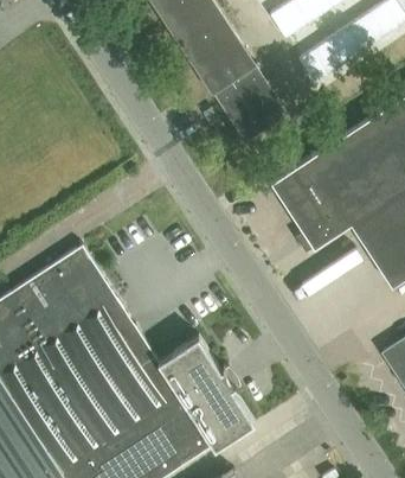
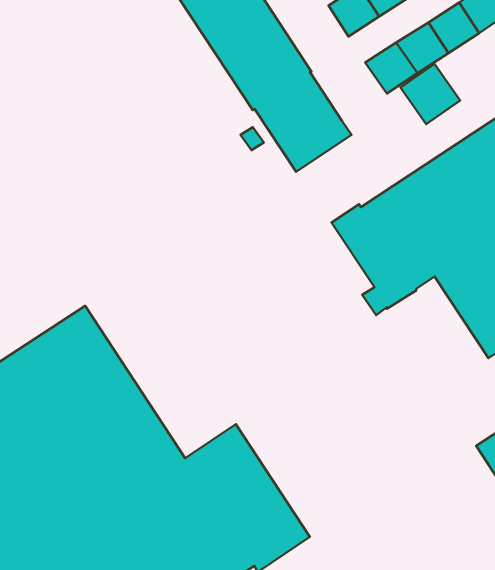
building: none -> [401,64,460,124]

